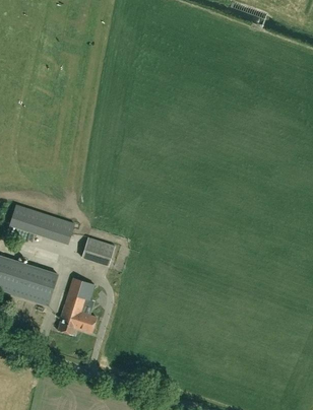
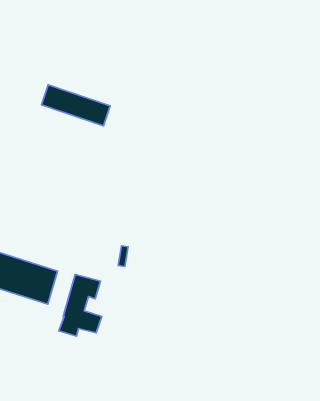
building: [10,205,73,243] -> [42,85,110,126]
building: [82,237,116,266] -> none

